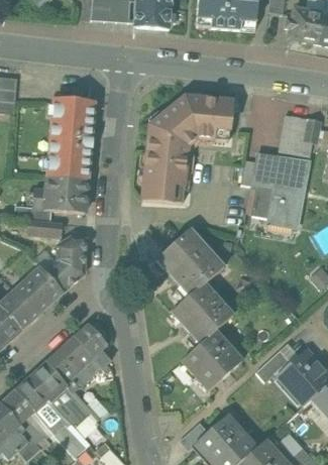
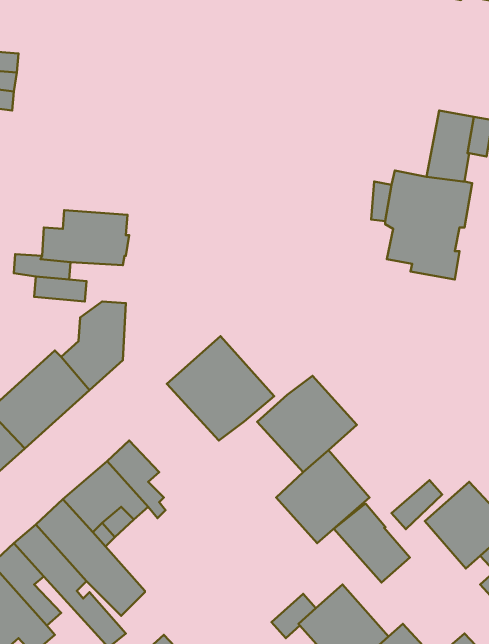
building: [142,95,232,203] -> none
building: [47,100,95,180] -> none
building: [156,228,225,295] -> [167,336,274,441]
building: none -> [334,504,410,582]

